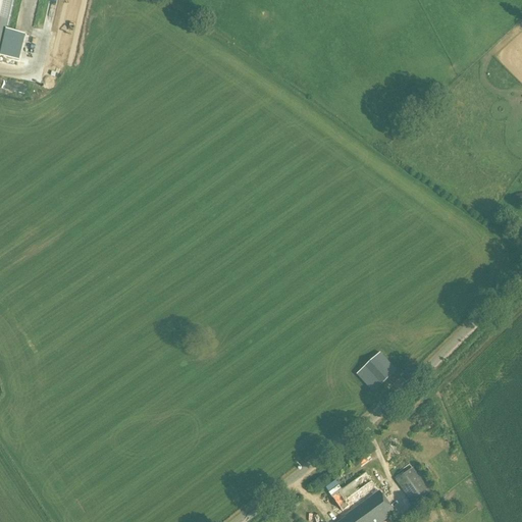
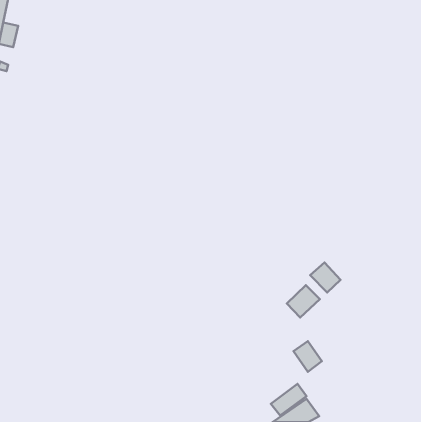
building: none -> [310,262,341,293]
building: [393,466,427,504] -> [294,341,322,372]

